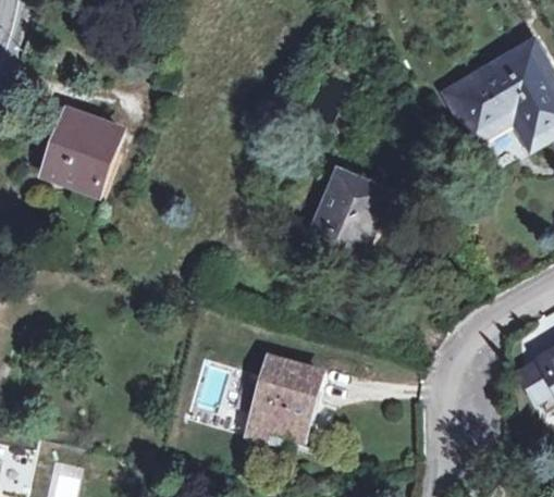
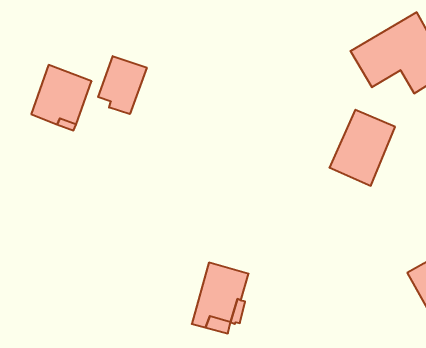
building: none -> [98,56,147,114]
building: [307,167,390,263] -> [329,110,395,186]

